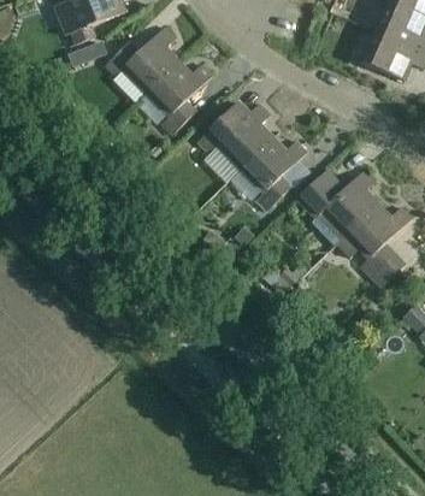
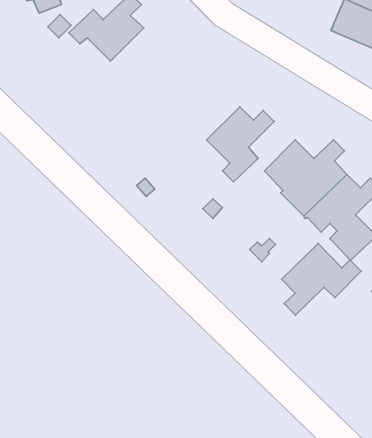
building: [146,58,212,132] -> none
building: [199,100,272,167] -> none
building: none -> [281,243,361,315]

